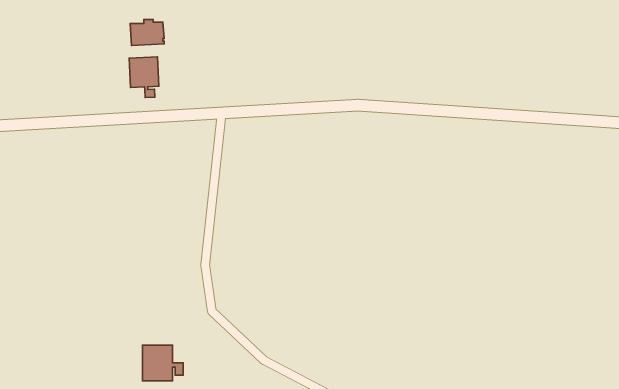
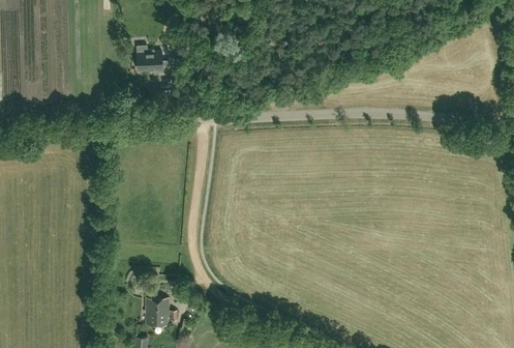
building: [129,57,159,98] -> none

